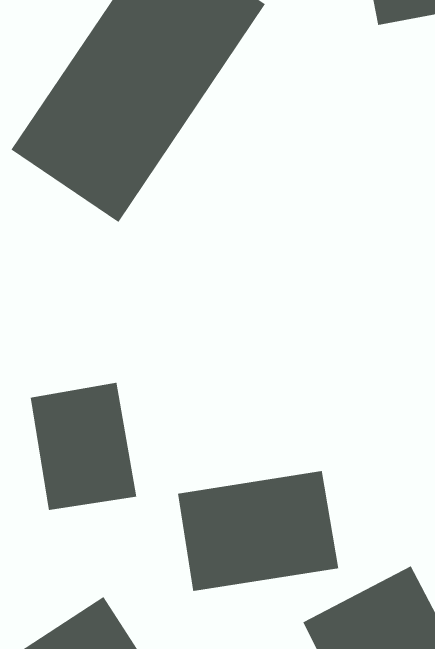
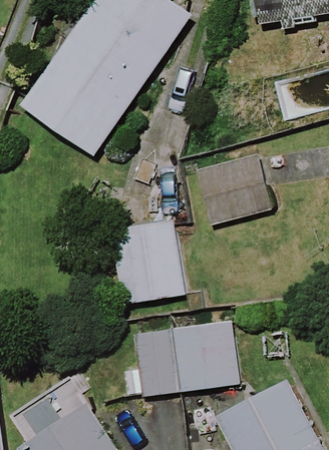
building: none -> [194,154,268,227]
building: [30,382,137,511] -> [115,219,186,304]

